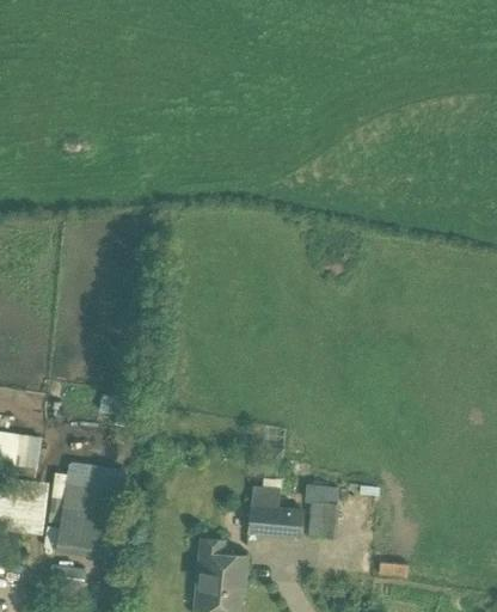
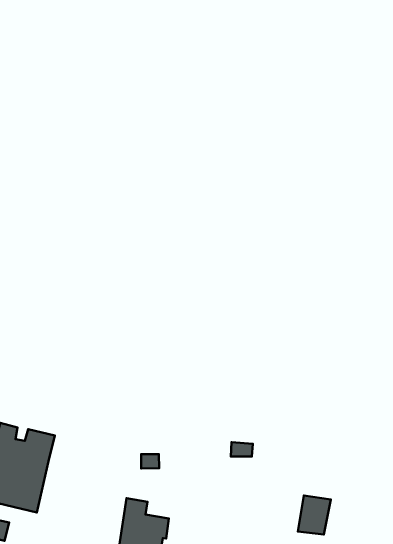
building: [246,485,302,539] -> none
building: [308,498,339,537] -> [298,495,331,534]

